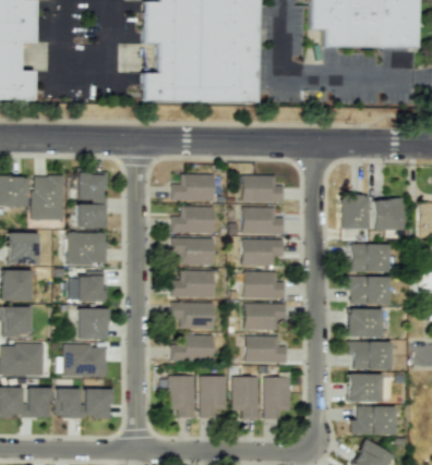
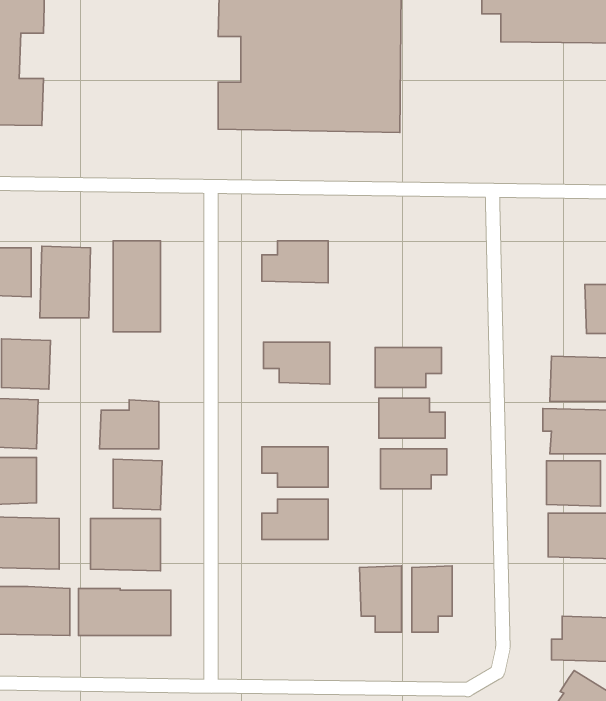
building: [242,174,284,200] -> none
building: [340,195,369,229] -> none
building: [171,205,213,230] -> none
building: [243,206,284,231] -> none
building: [67,233,108,266] -> none
building: [172,269,213,295] -> none
building: [247,334,287,359] -> none
building: [169,374,195,415] -> none
building: [201,375,226,416] -> none
building: [349,375,382,402] -> none

